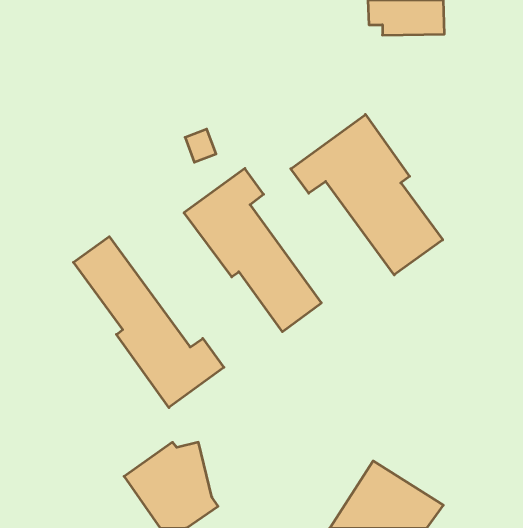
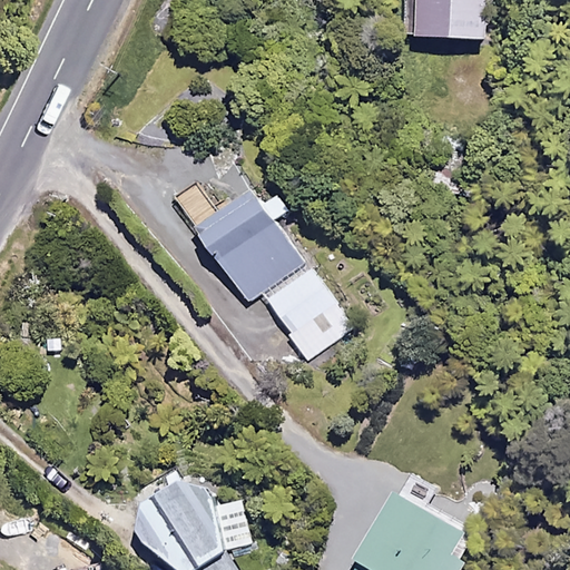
building: [291,114,443,275] -> none
building: [73,237,224,408] -> none

